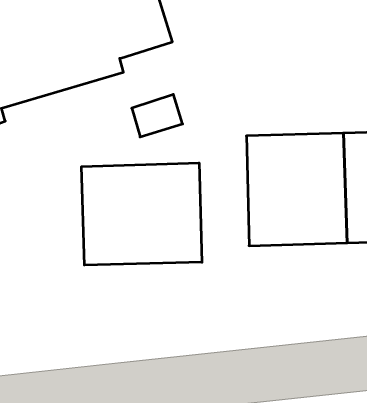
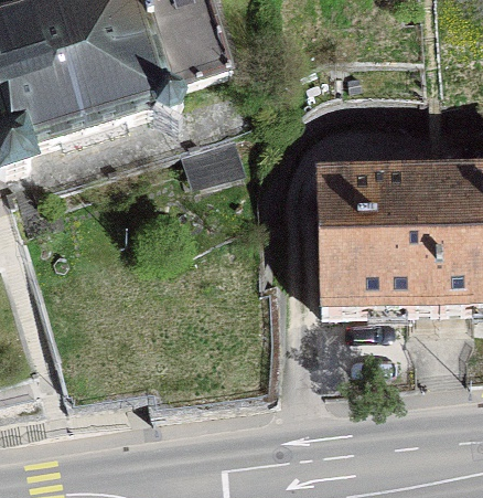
building: [82,163,202,265] -> none

